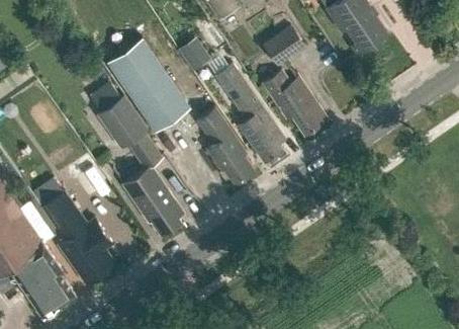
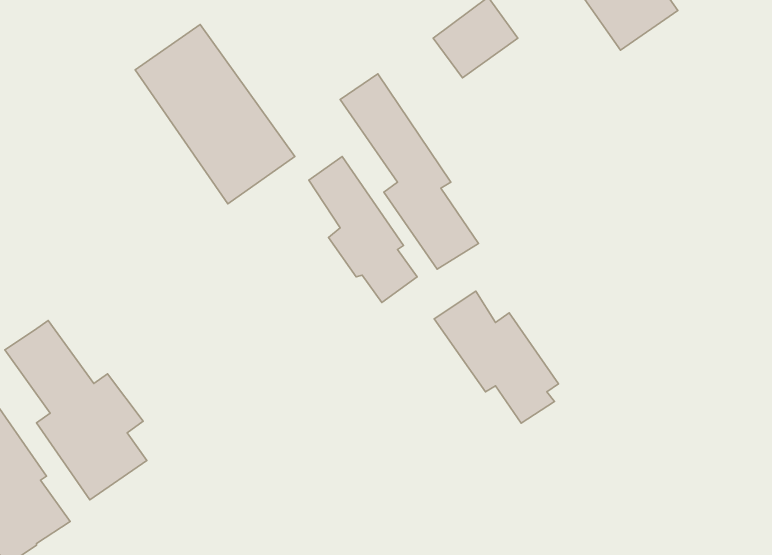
building: [177,38,210,73] -> none
building: [261,66,325,134] -> [434,291,559,423]
building: [92,85,184,236] -> none

